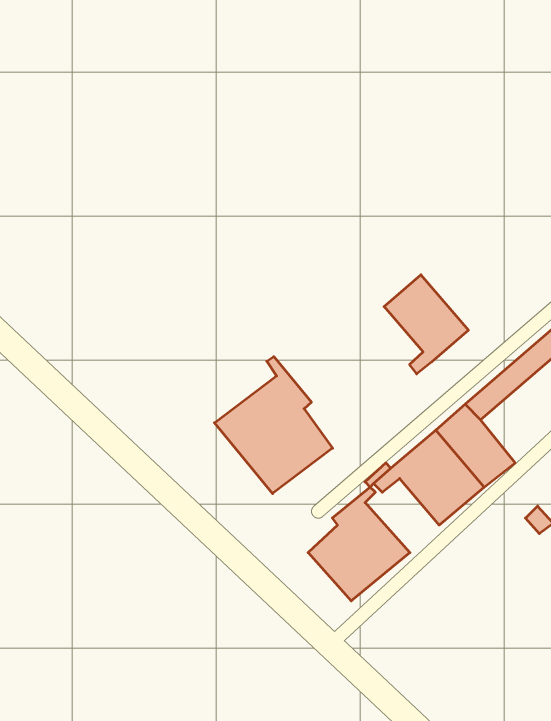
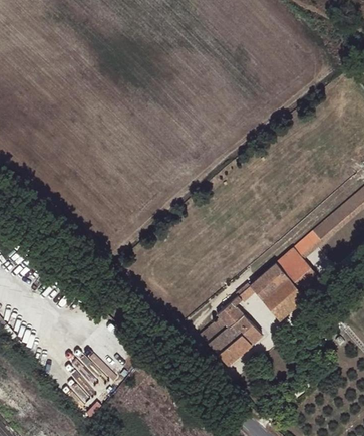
building: [384,275,468,374] -> none
building: [214,357,333,494] -> none

